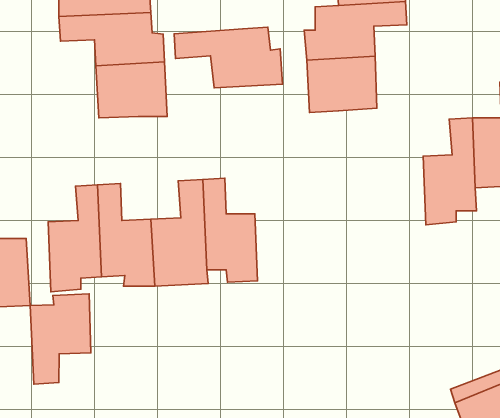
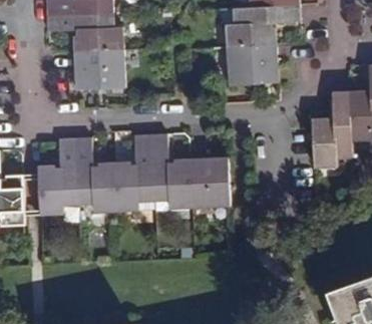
building: [174,27,283,88] -> none
building: none -> [189,156,229,209]
building: [30,294,91,384] -> none

